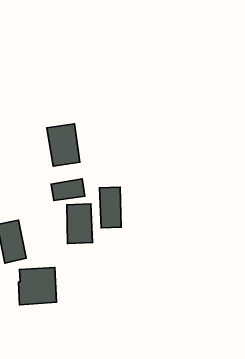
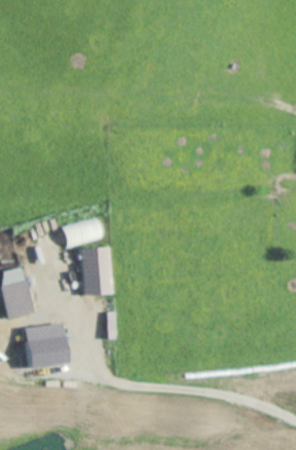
building: [47,124,80,166] -> none
building: [99,187,121,228] -> none

